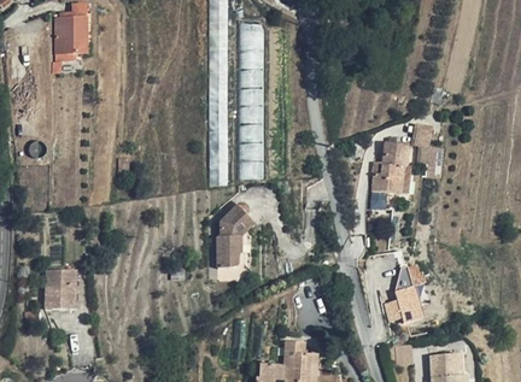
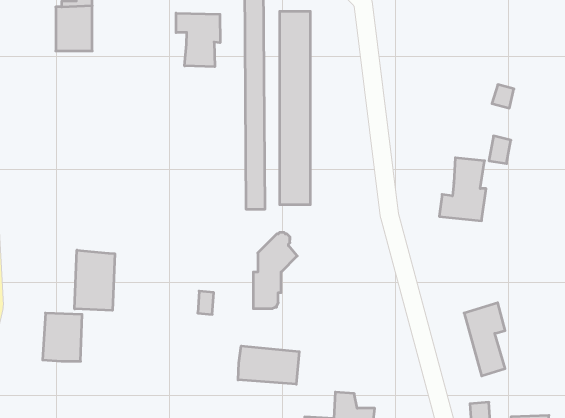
building: none -> [176,13,220,67]
building: none -> [75,250,115,310]
building: none -> [238,346,299,384]

